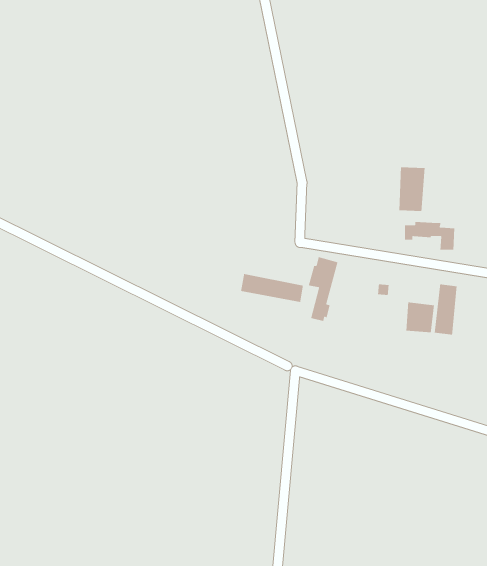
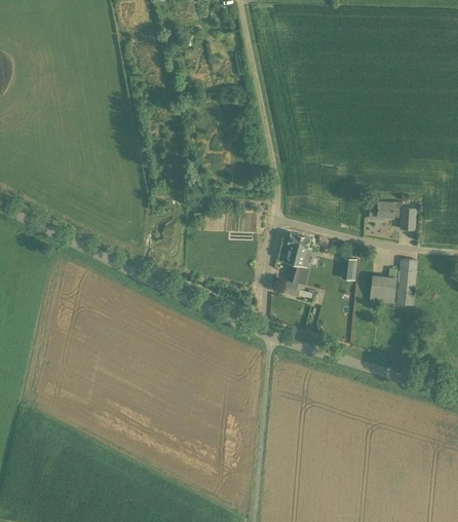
building: [398,166,425,212] -> none
building: [240,273,304,303] -> none

